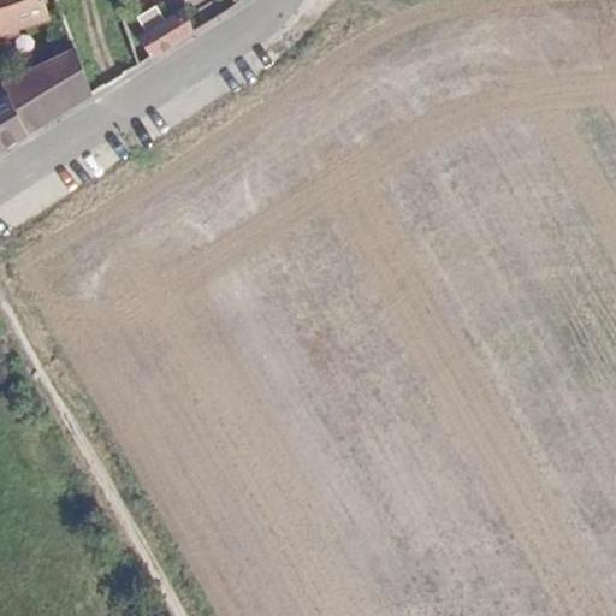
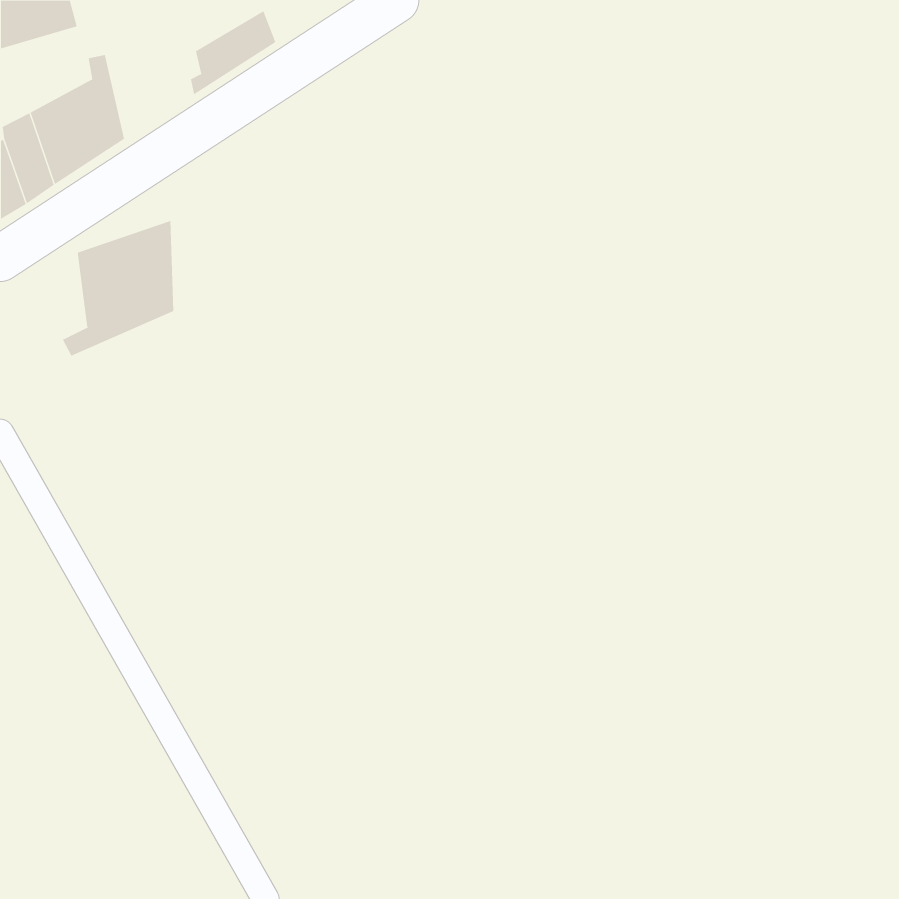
building: none -> [62,220,174,357]

